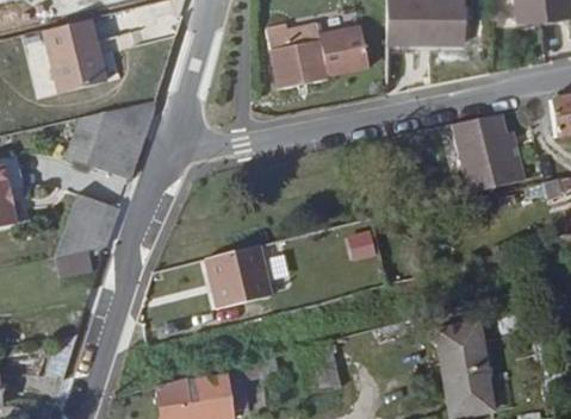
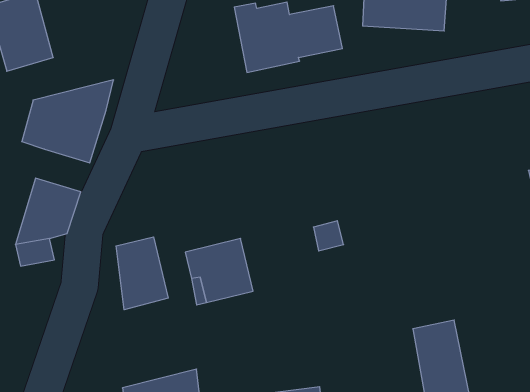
building: [457,118,526,193] -> none
building: none -> [116,237,168,310]

